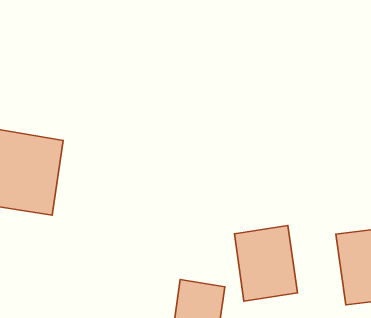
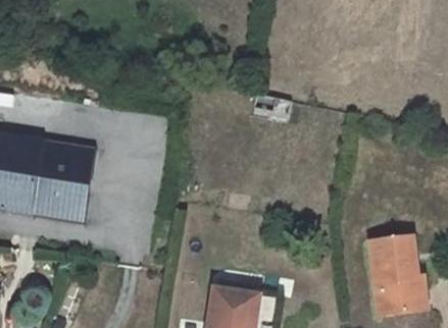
building: [234,226,297,301] -> none

